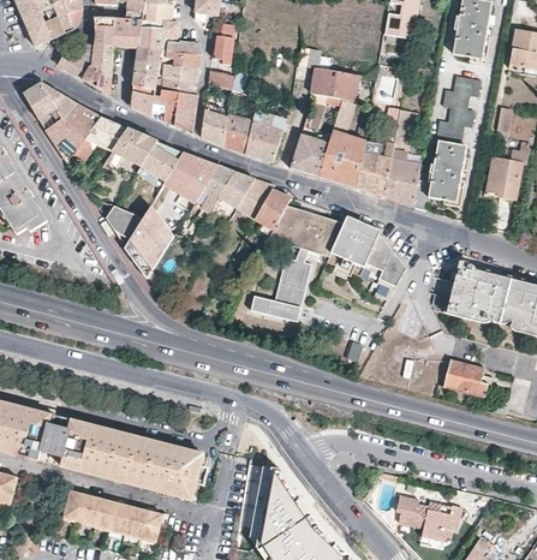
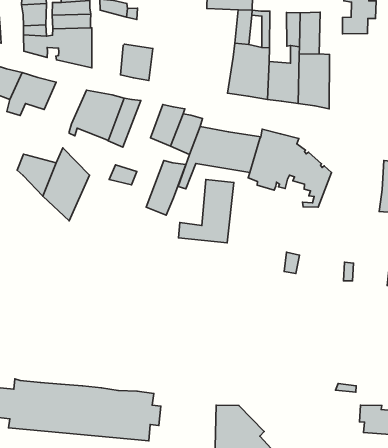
building: [202,109,226,143] -> none
building: [245,112,287,162] -> none
building: [290,133,329,177] -> none
building: [141,141,184,183] -> none
building: [413,141,467,210] -> none
building: [210,171,255,224] -> [146,160,186,215]

